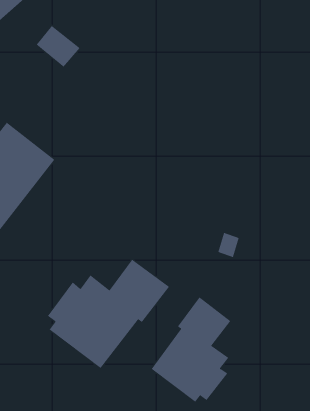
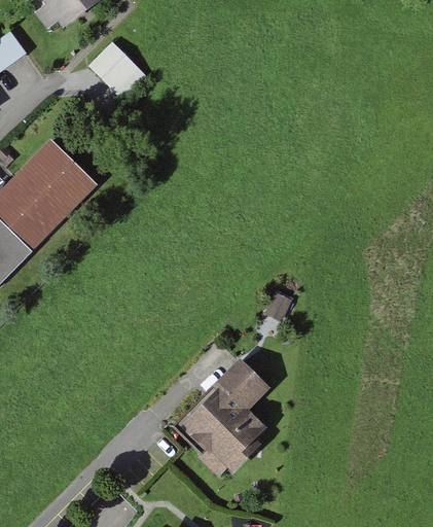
building: [47,259,170,369] -> none

